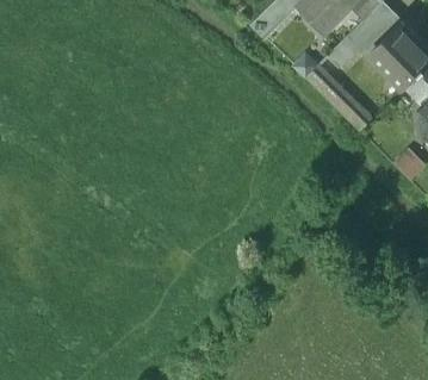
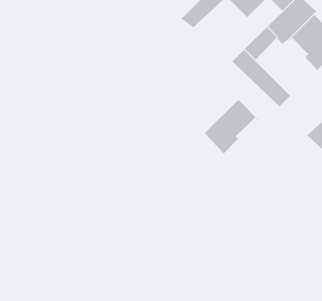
building: none -> [204,98,258,154]

